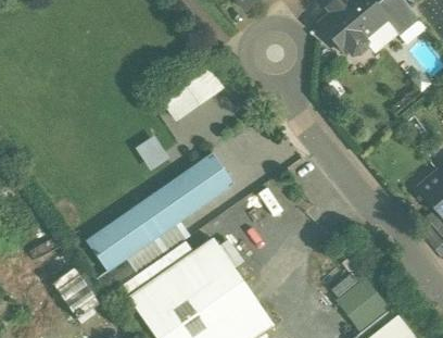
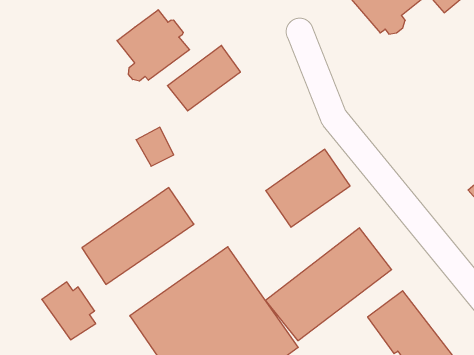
building: none -> [117,10,190,81]
building: [162,151,235,218] -> [266,149,350,227]
building: none -> [265,228,392,341]

